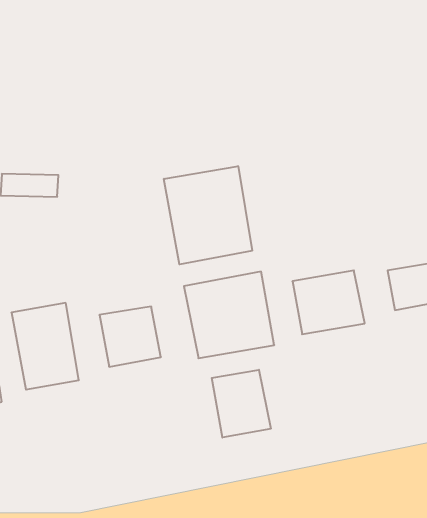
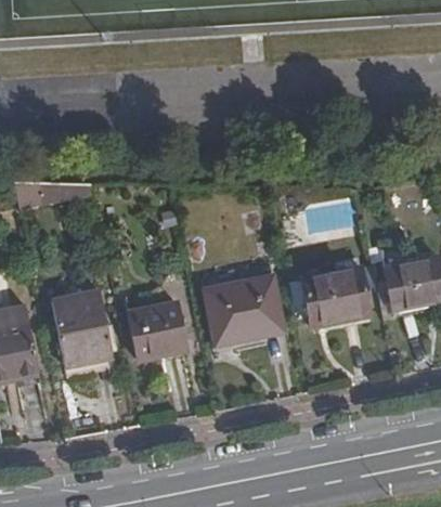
building: [164,166,252,264] -> none
building: [212,370,271,438] -> none

